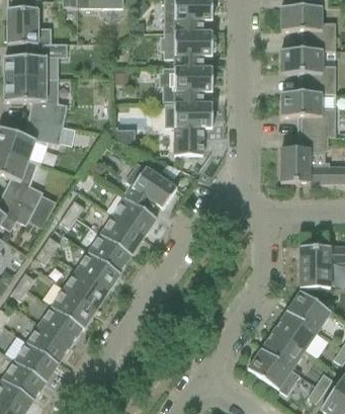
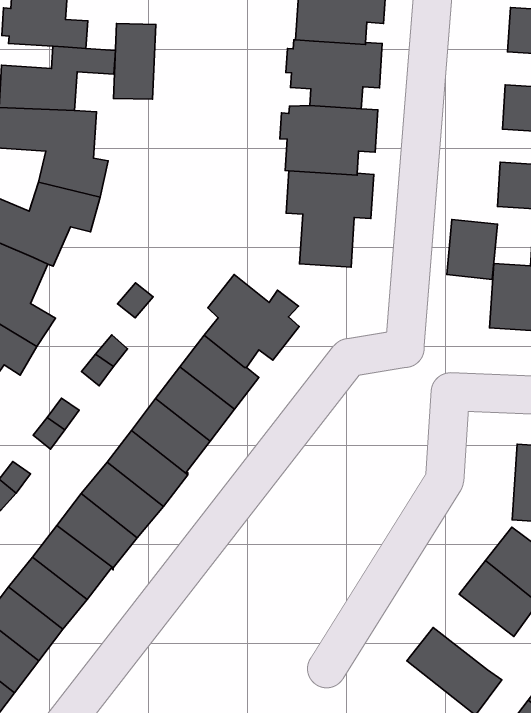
building: none -> [113,24,156,99]
building: none -> [447,219,497,279]
building: [261,329,306,369] -> none

